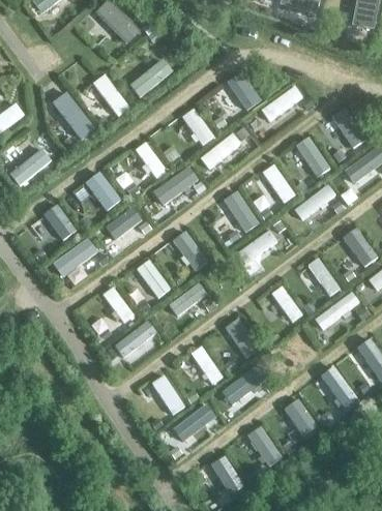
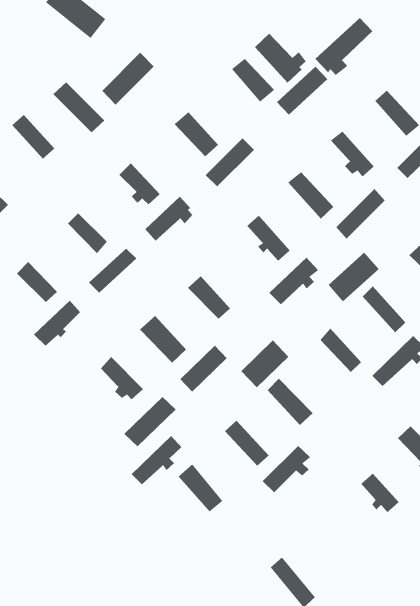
building: none -> [315,17,373,76]
building: none -> [254,33,307,83]
building: none -> [328,252,379,302]
building: none -> [240,340,289,388]
building: [165,408,206,443] -> [131,435,182,485]
building: [249,426,282,465] -> none

